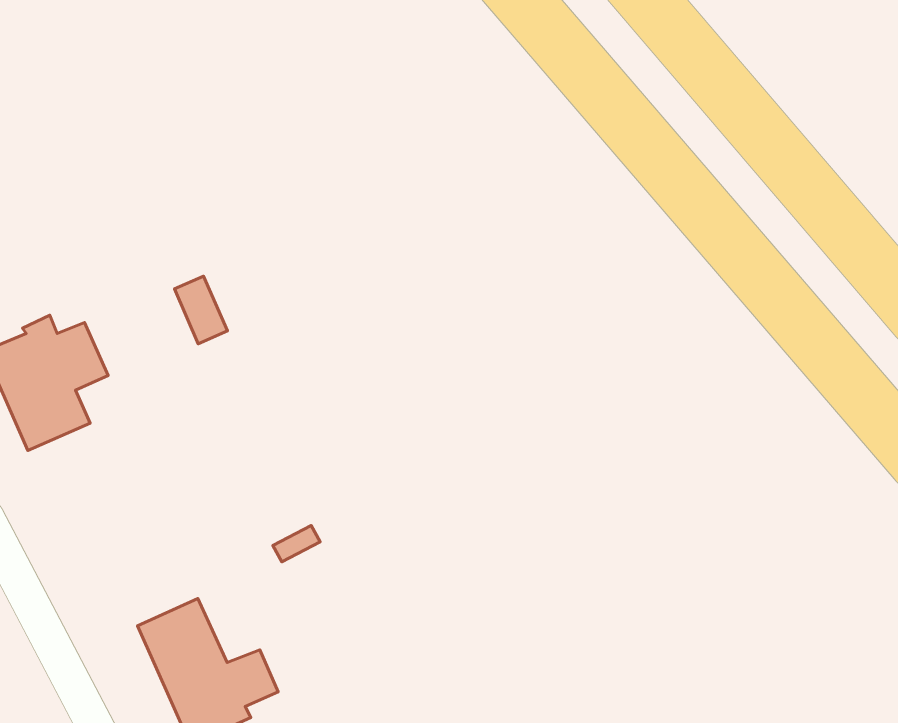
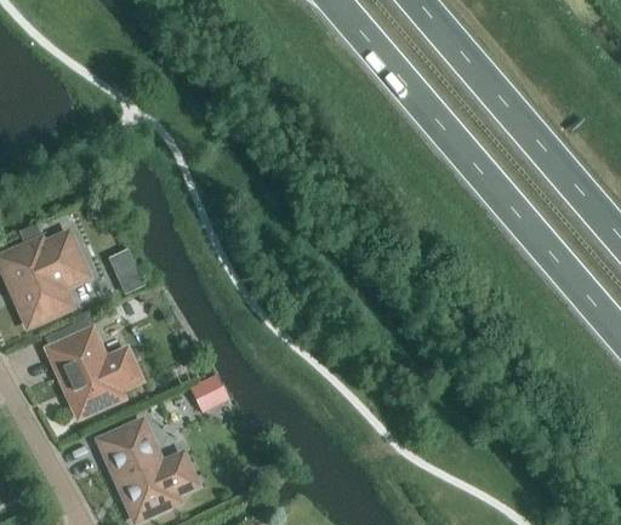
building: [174,276,227,344] -> [110,246,146,291]
building: none -> [50,320,139,416]

